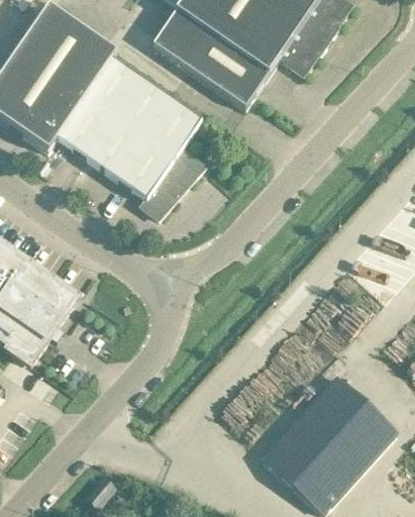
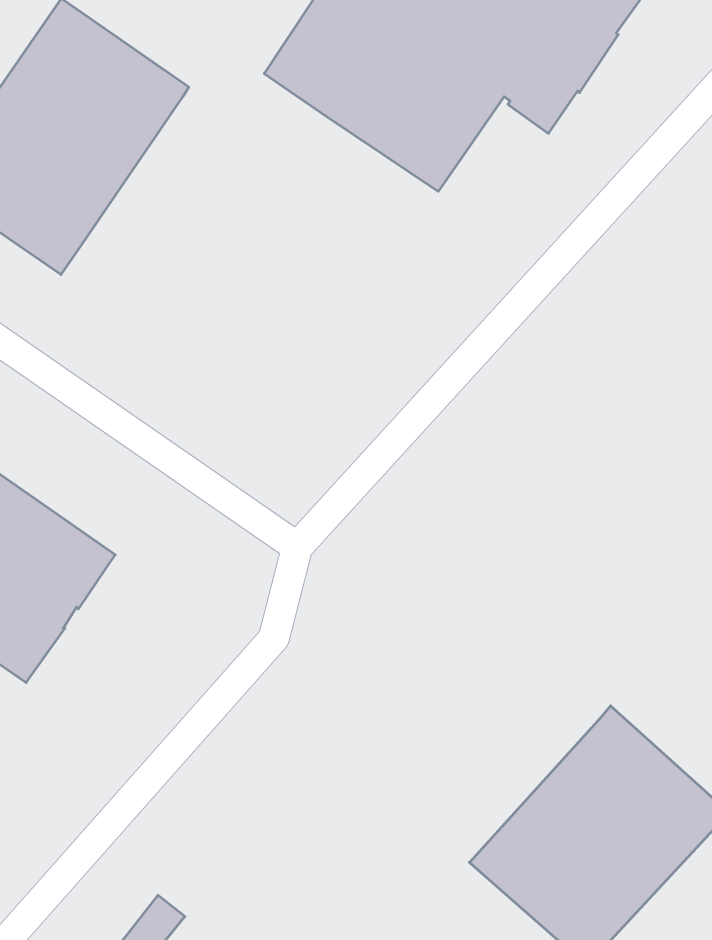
building: [58,57,205,216] -> none

